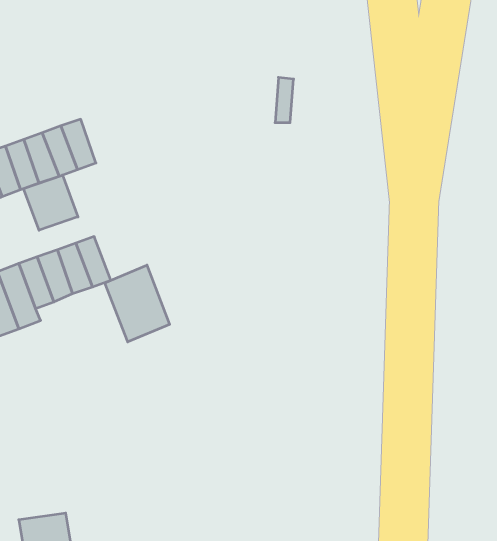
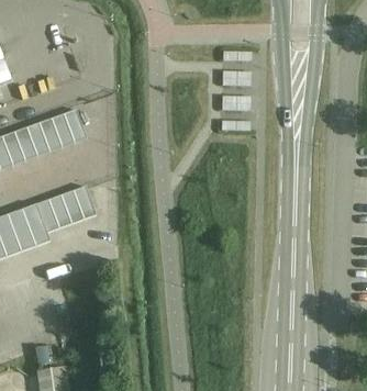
building: [24,175,78,230] -> none
building: [105,265,170,342] -> none

